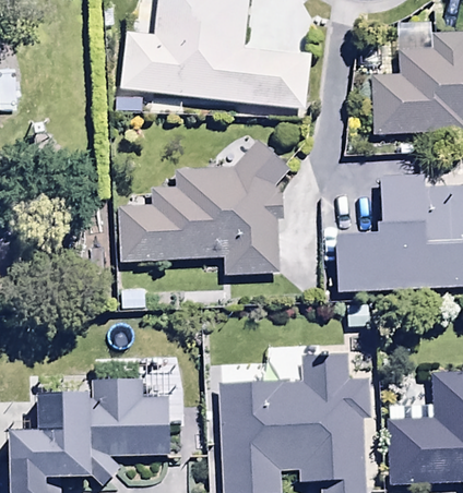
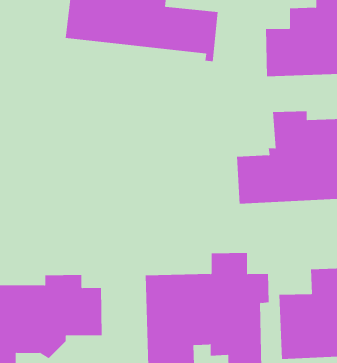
building: [121,137,292,276] -> none

